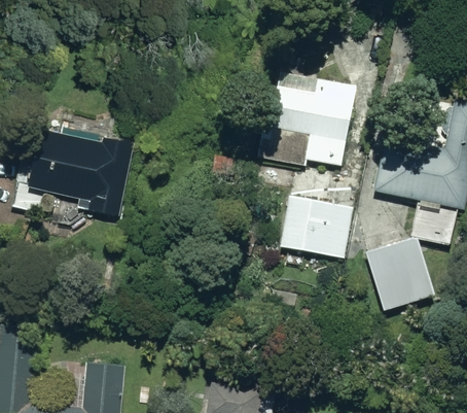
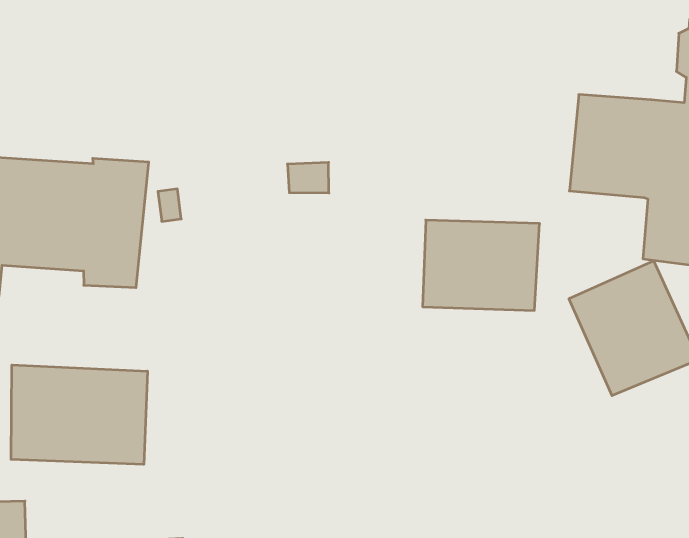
building: [257,73,356,167] -> none
building: none -> [11,365,147,464]

